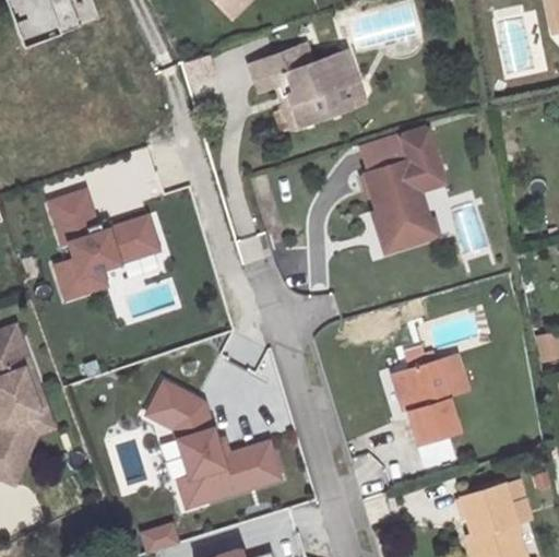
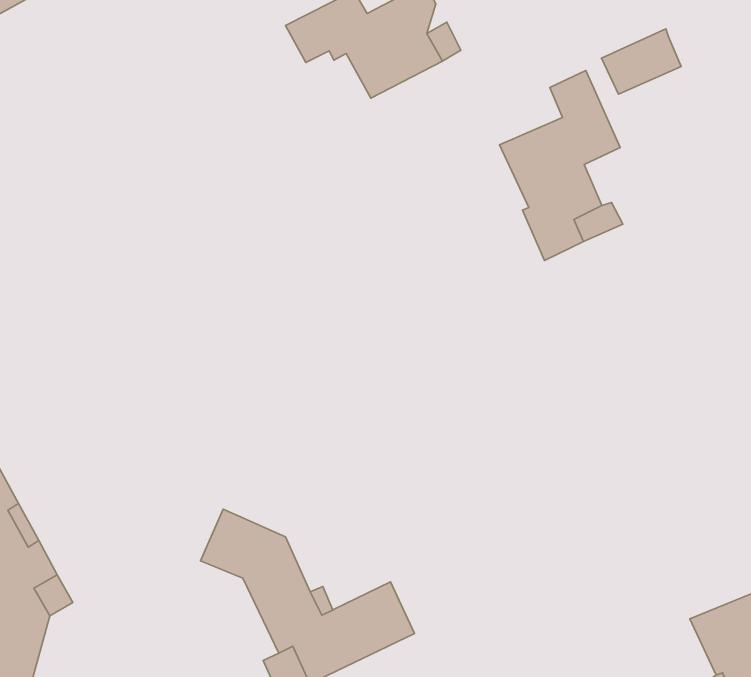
building: [369,129,420,167] -> [601,29,681,94]
building: [48,192,158,301] -> none
building: [401,345,475,445] -> none

